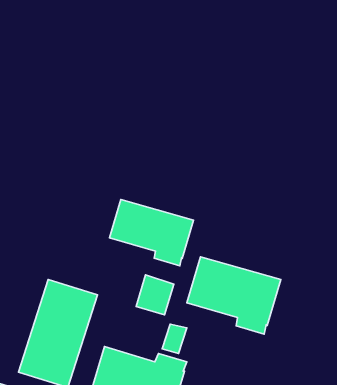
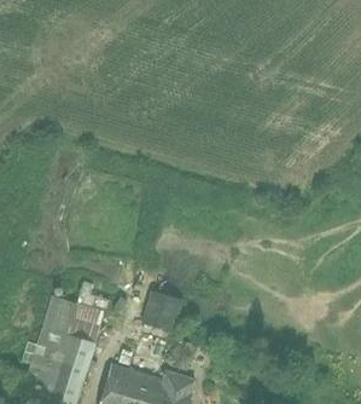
building: [109,200,194,266] -> none
building: [187,257,281,334] -> none

